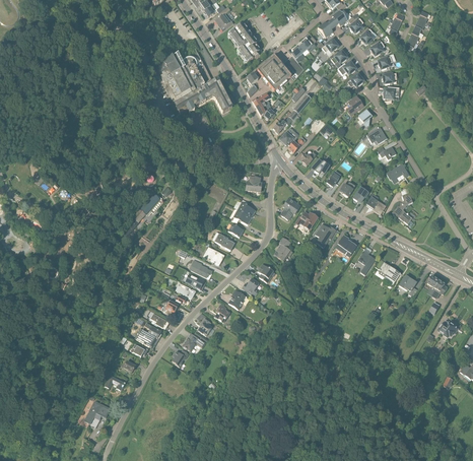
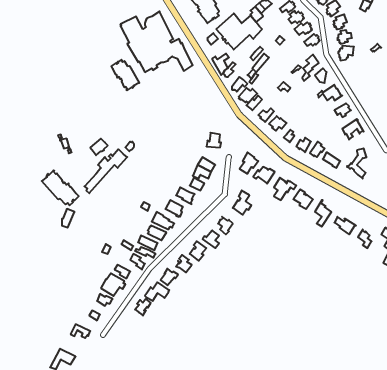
building: none -> [111,60,139,90]
building: none -> [42,170,79,205]

